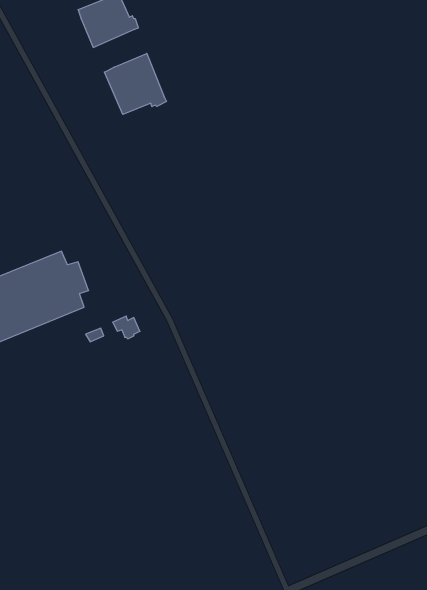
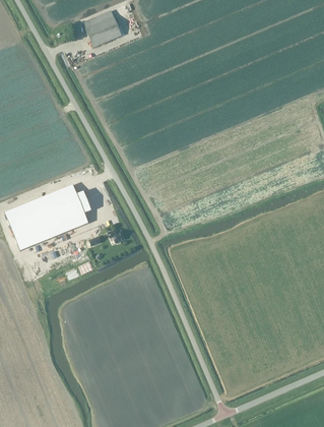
building: [104,53,166,114] -> none

